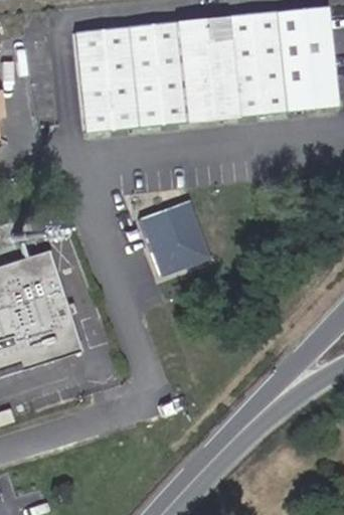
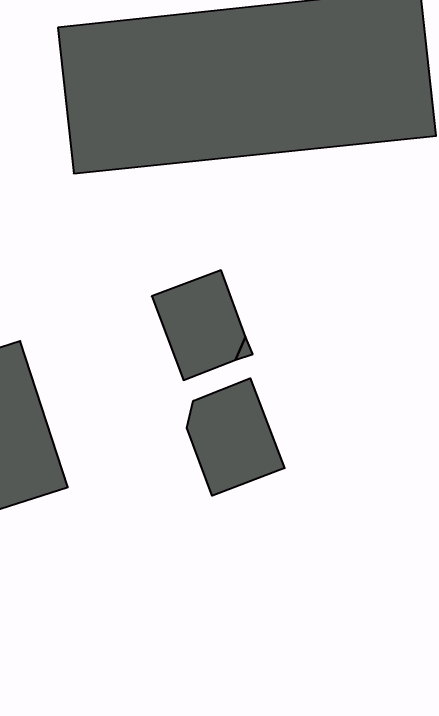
building: none -> [187,378,285,496]

